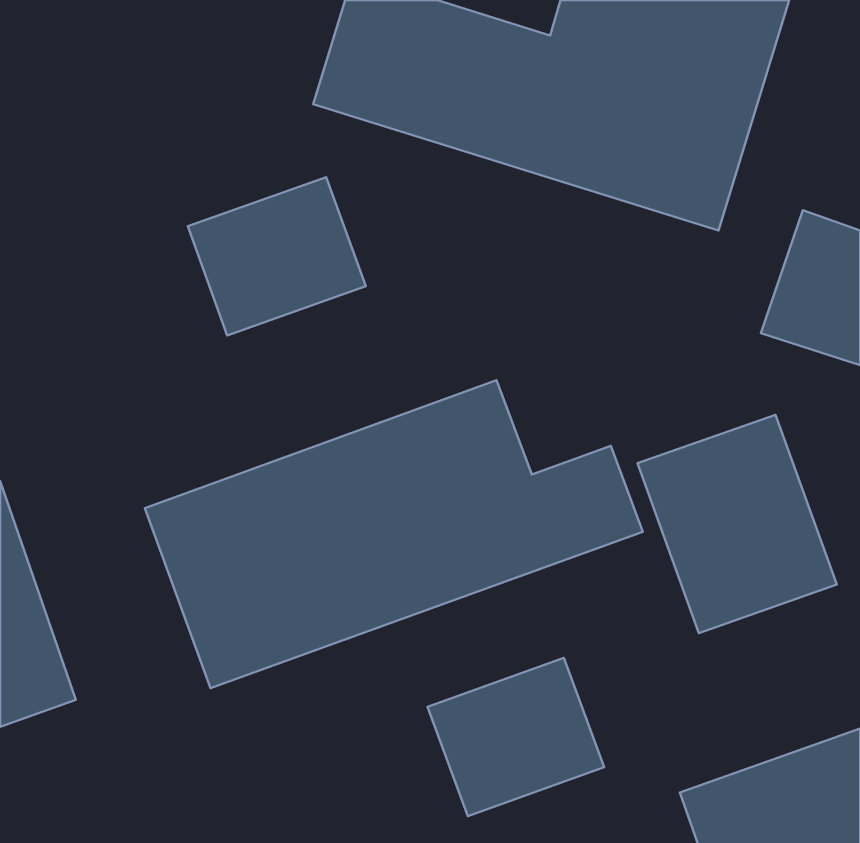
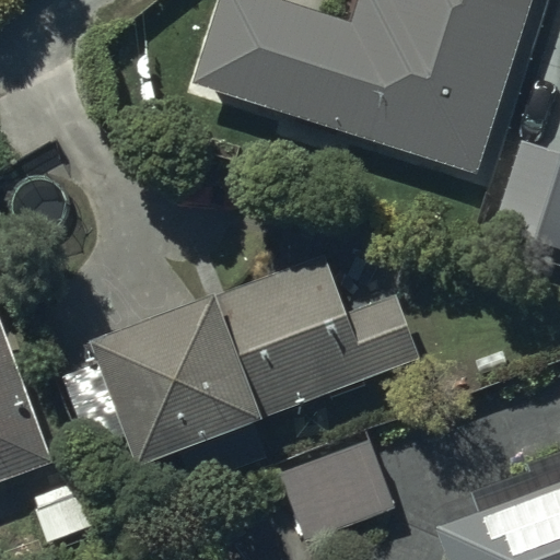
building: [188,177,366,335] -> none
building: [637,415,837,633] -> none

